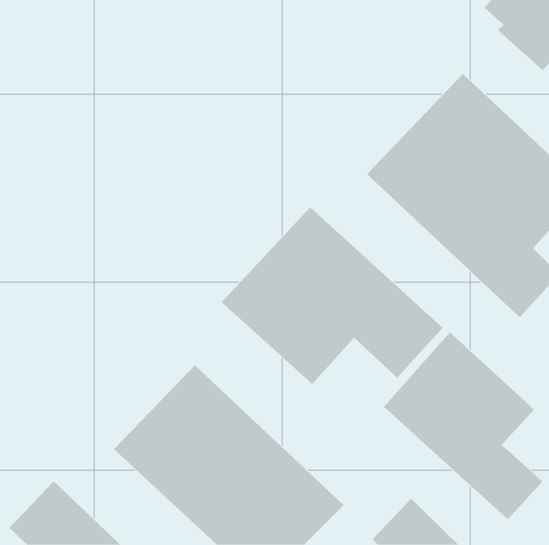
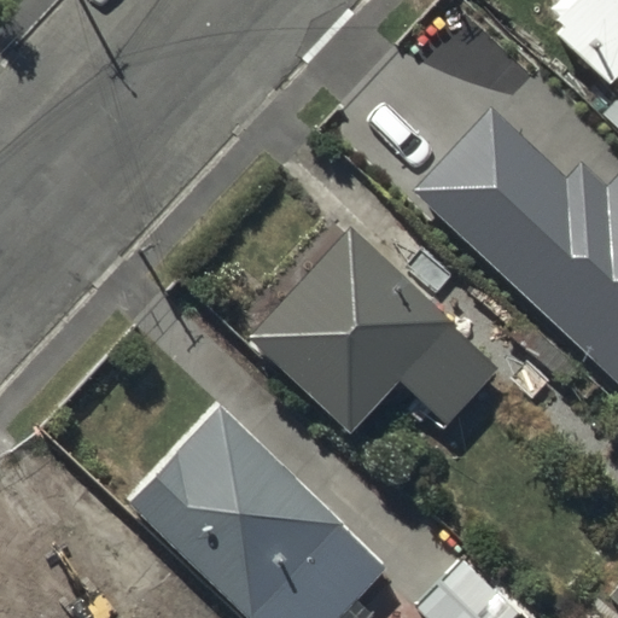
building: [383,332,543,520] -> none

